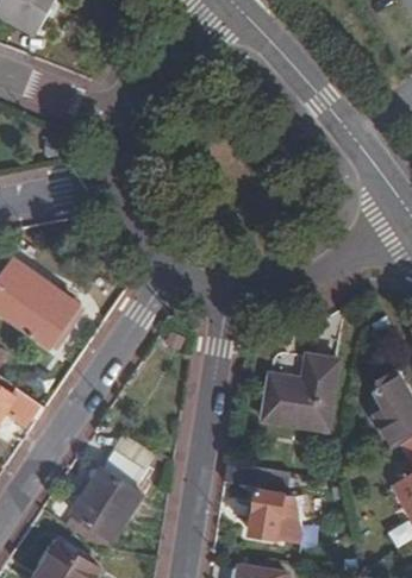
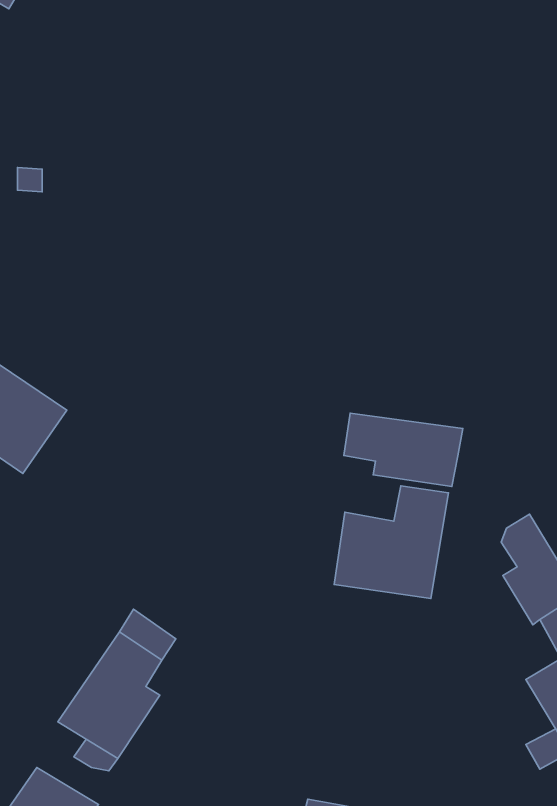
building: none -> [344,413,463,486]
building: [225,461,304,539] -> none

